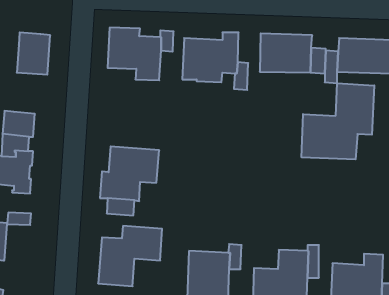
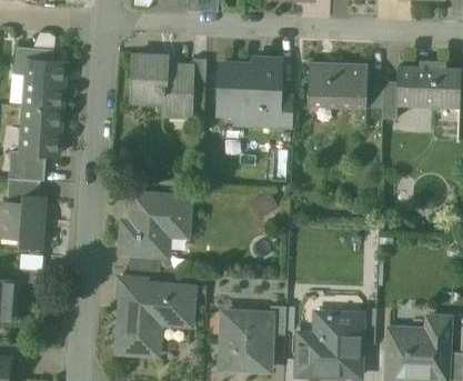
building: none -> [13,47,53,74]
building: none -> [21,107,60,156]
building: [302,83,374,159] -> none
building: none -> [118,277,148,299]

